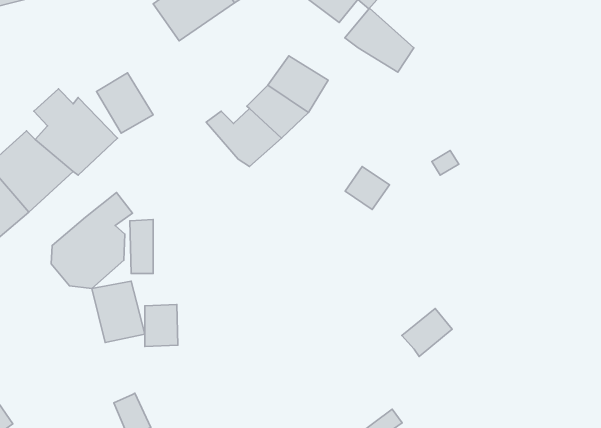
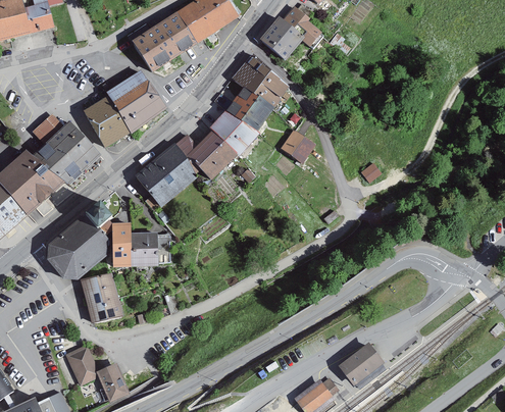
building: [345,8,414,72] -> [232,52,289,105]
building: none -> [109,73,173,136]
building: none -> [134,140,201,205]
building: [345,166,389,210] -> [279,127,315,163]
building: [145,305,178,346] -> [131,230,158,265]
building: [402,308,452,356] -> [340,345,382,384]
building: none -> [64,345,99,385]

